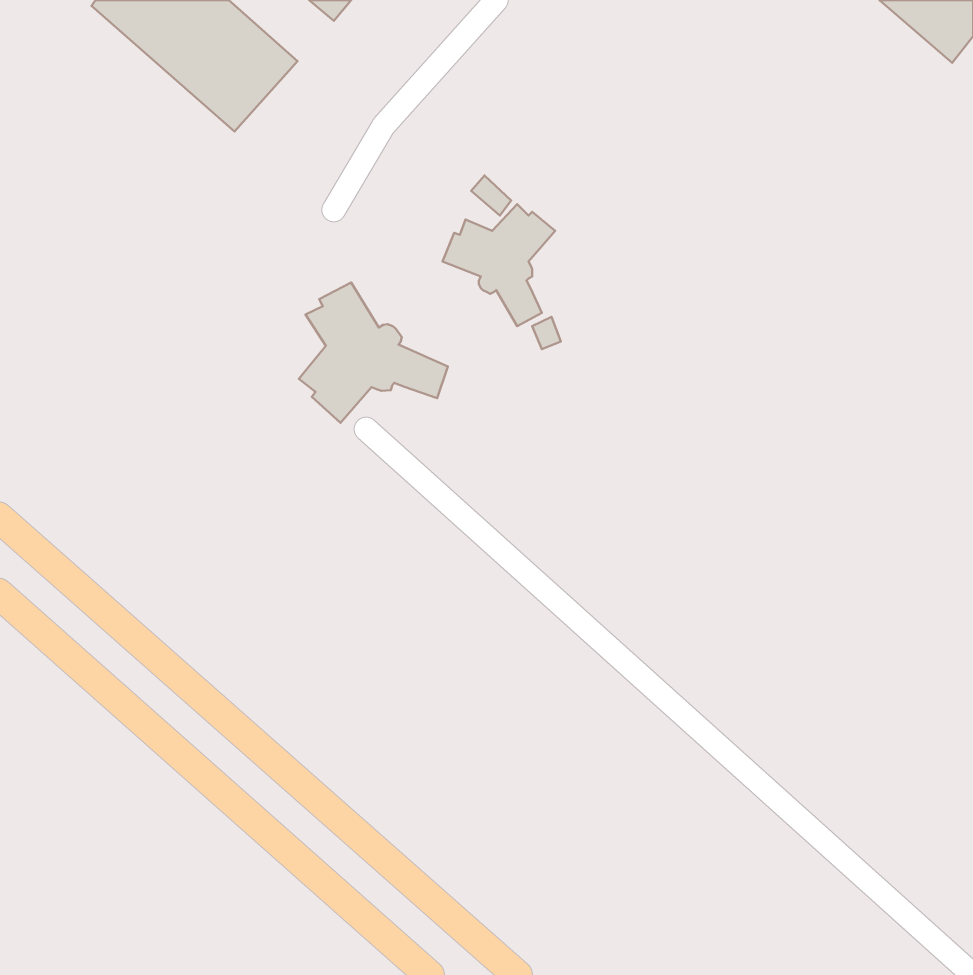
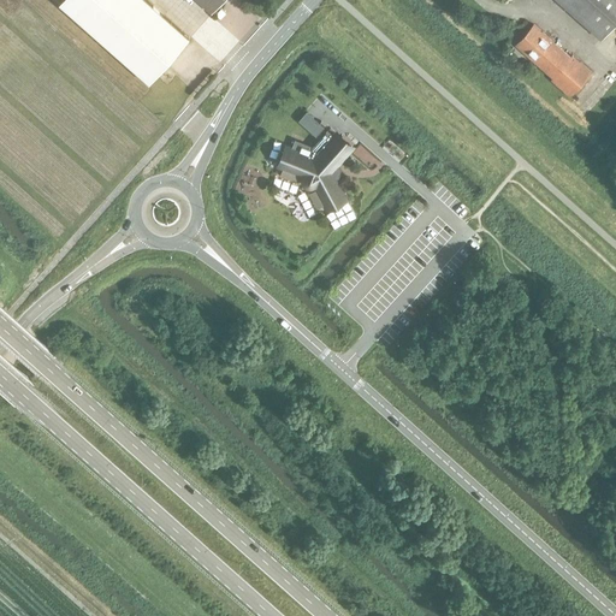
building: none -> [515,24,590,96]
building: [299,282,448,423] -> none

